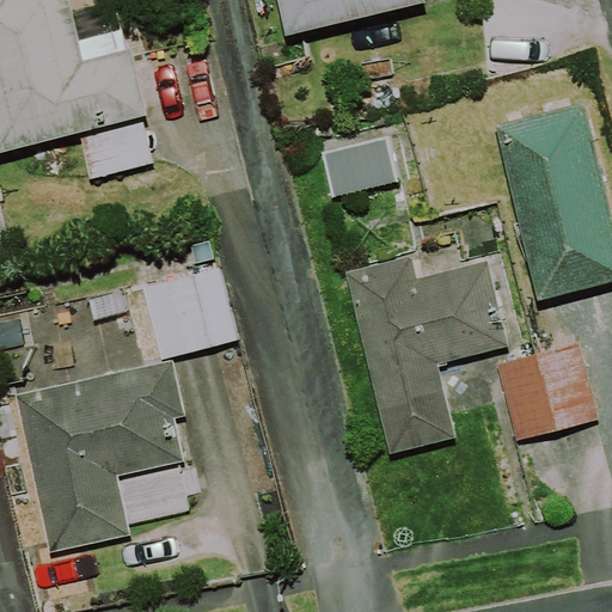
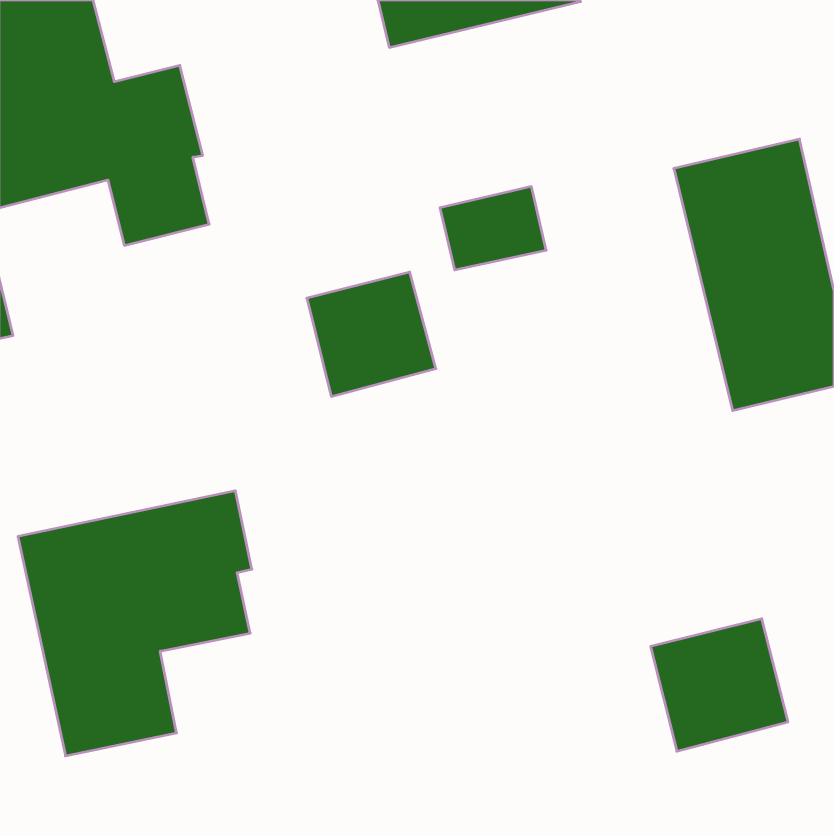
building: [343,255,508,454] -> none
building: [145,268,239,359] -> [307,272,436,396]
building: [497,344,598,441] -> [651,619,788,751]

